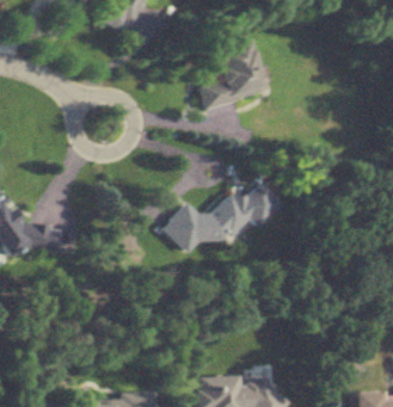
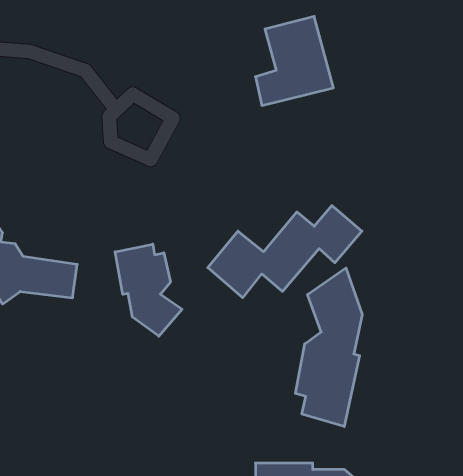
building: none -> [115,244,182,336]
building: none -> [295,268,362,427]

